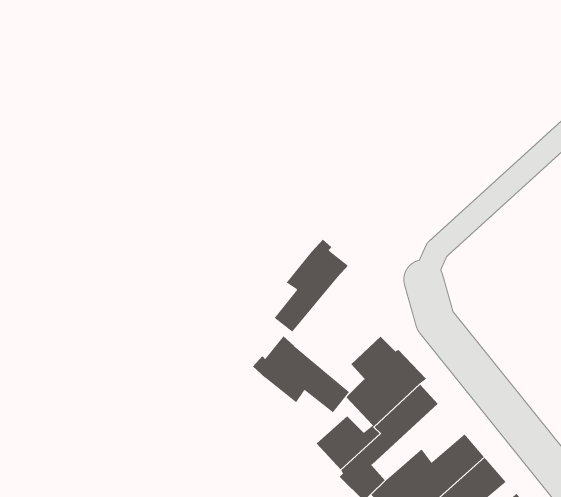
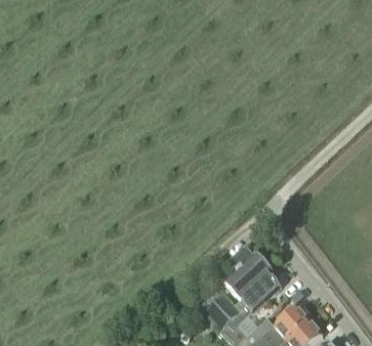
building: [274,239,349,333] -> none
building: [252,335,350,413] -> none

